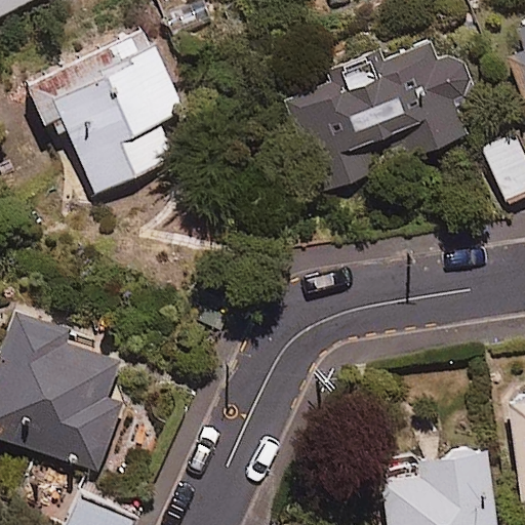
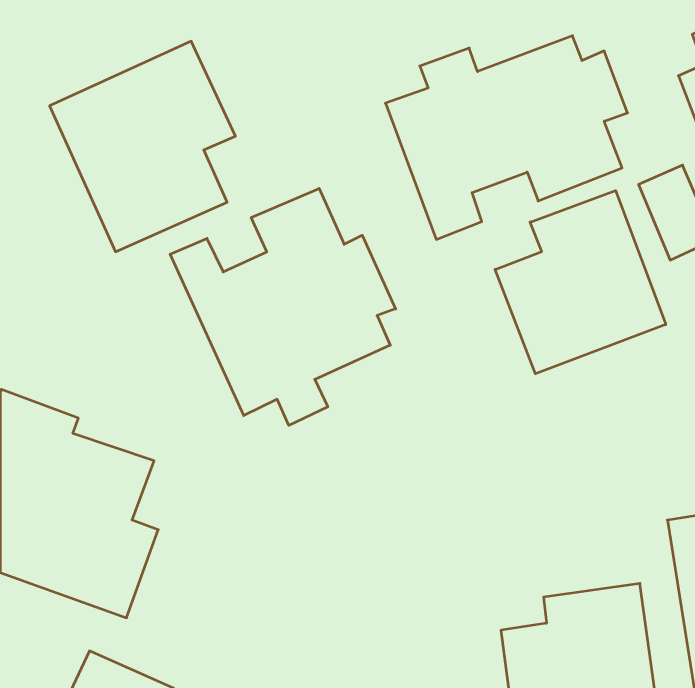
building: none -> [170,188,396,425]
building: none -> [495,191,666,374]

